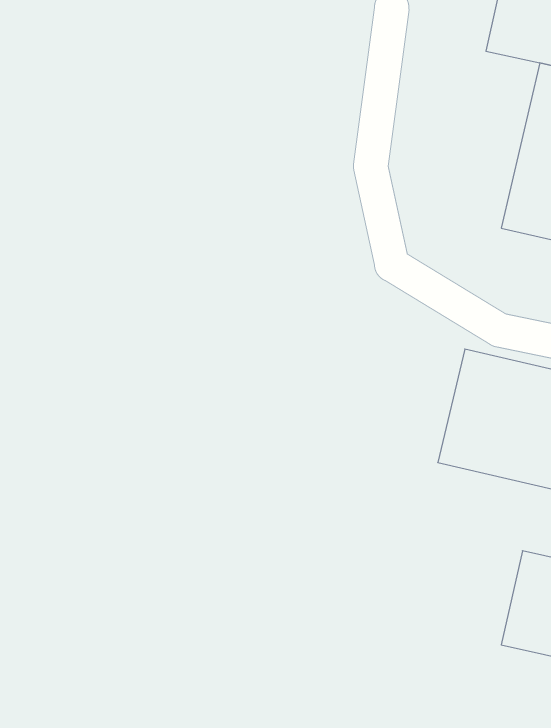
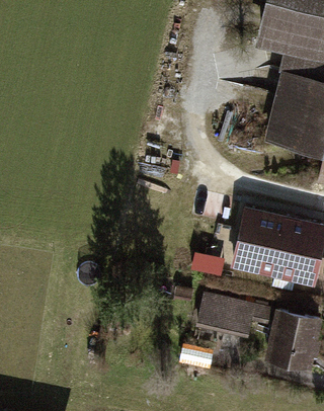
building: none -> [197,294,254,338]

